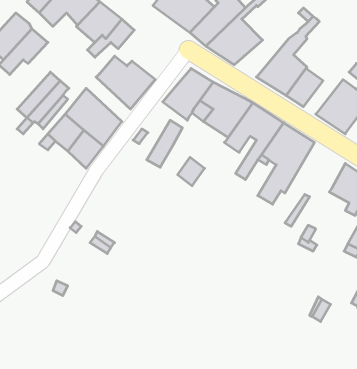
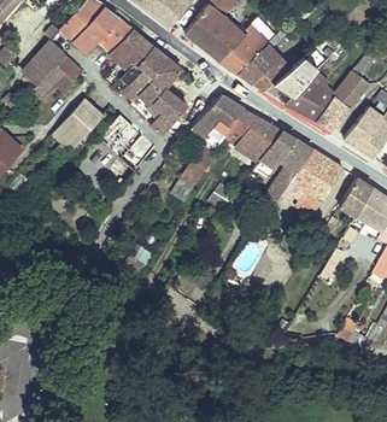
building: none -> [334,49,377,107]
building: none -> [274,51,326,95]
building: none -> [123,58,181,100]
building: none -> [340,177,373,217]

